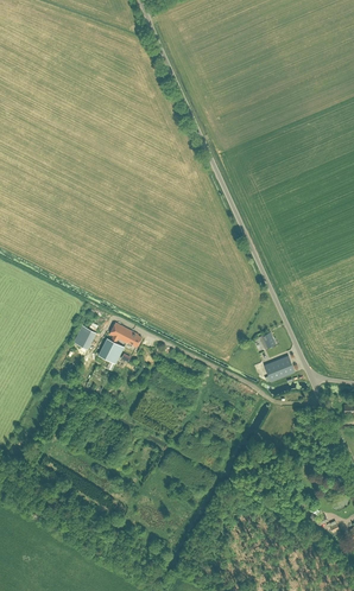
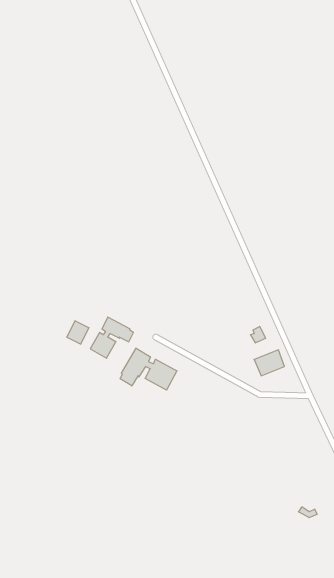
building: none -> [120,348,177,390]

